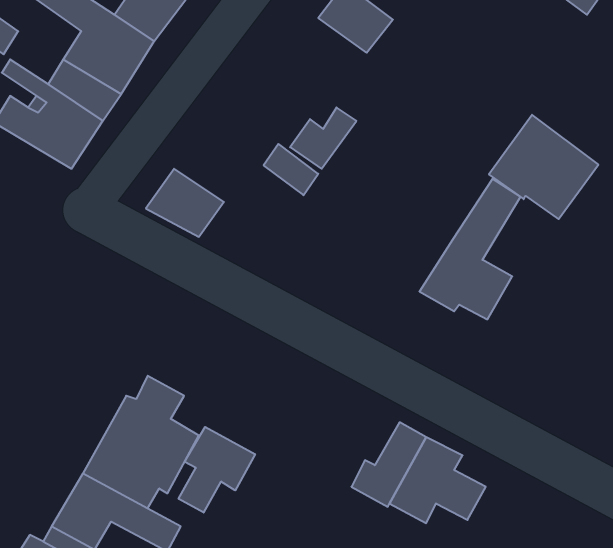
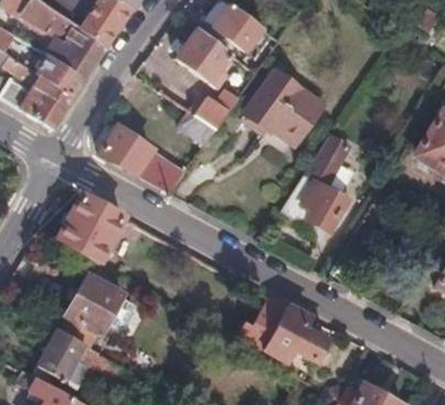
building: none -> [178,28,233,83]
building: [489,115,598,219] -> [248,72,321,141]
building: none -> [136,150,187,192]
building: none -> [59,198,123,264]
building: [179,427,255,513] -> none

